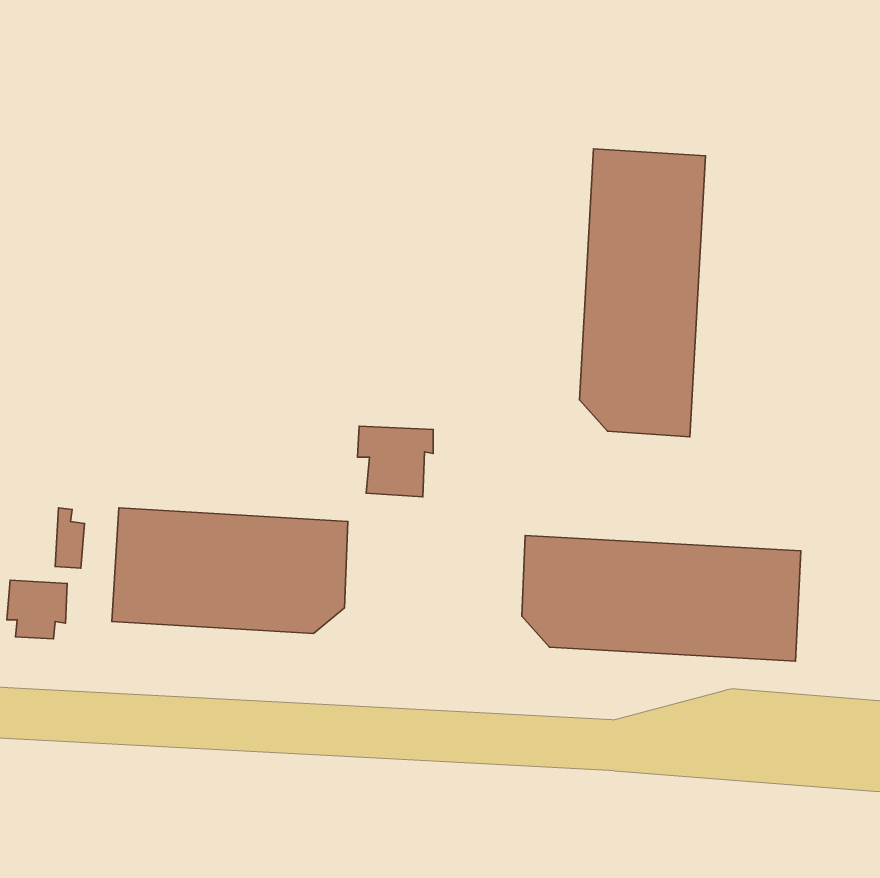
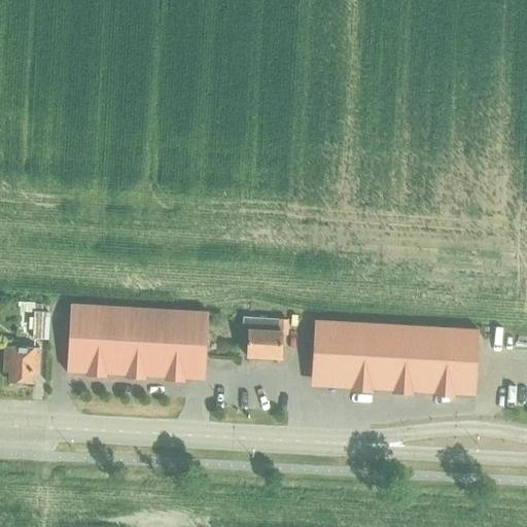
building: [579,149,705,437] -> none
building: [357,426,433,497] -> [242,317,287,359]

